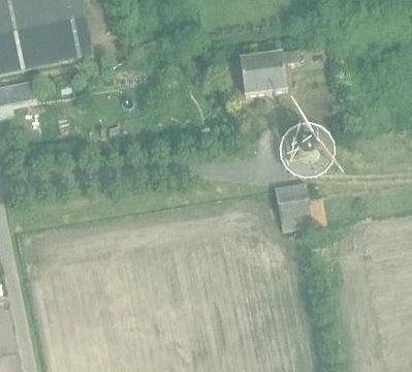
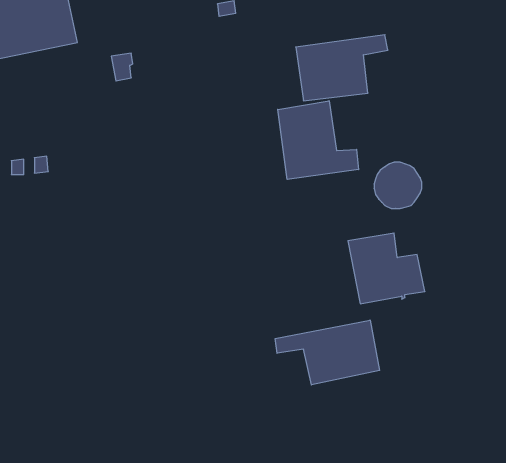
building: none -> [278,101,359,179]
building: none -> [275,320,380,385]

